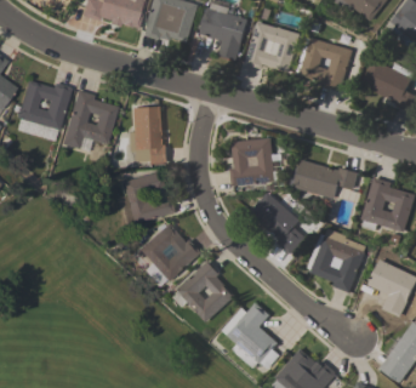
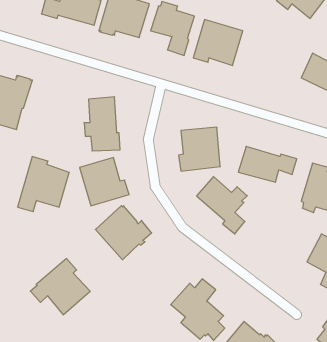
building: [297,38,352,91] -> none
building: [62,90,118,149] -> [18,157,69,212]
building: [307,228,365,292] -> none
building: [170,261,234,321] -> [30,259,90,315]

